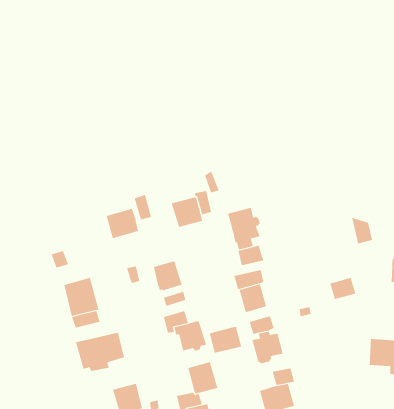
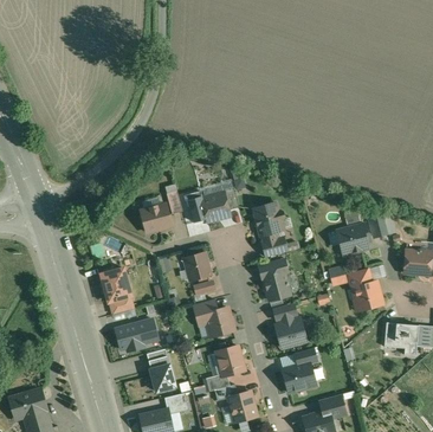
building: none -> [338,224,370,254]
building: none -> [354,282,382,311]
building: [209,326,242,354] -> none

